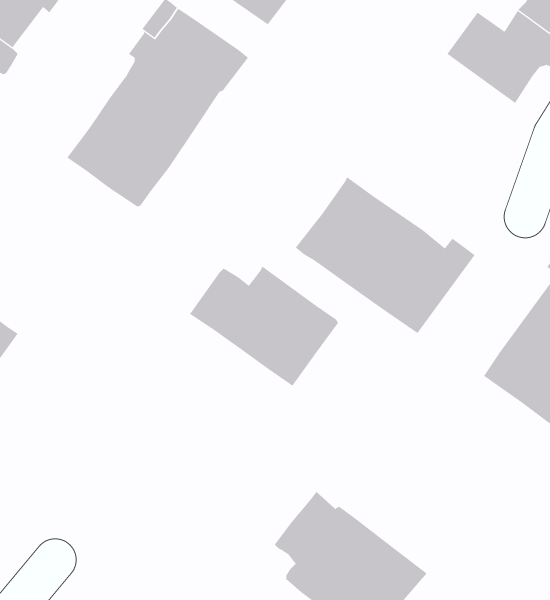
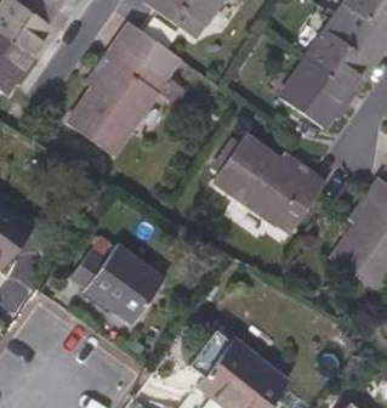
building: none -> [277,52,352,124]
building: [189,266,339,387] -> [73,248,167,324]

